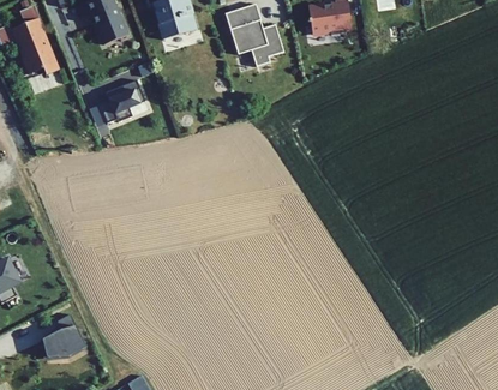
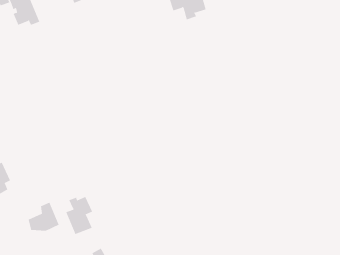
building: [100,79,145,122] -> none
building: none -> [66,196,93,235]

